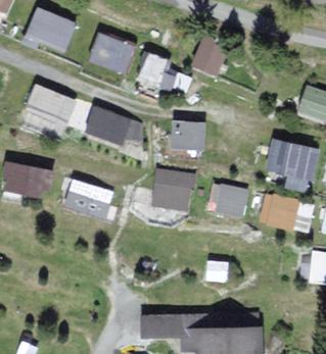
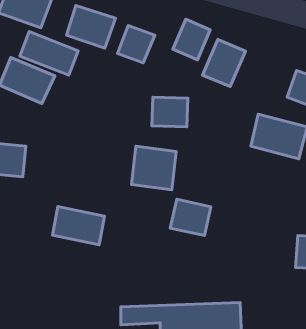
building: none -> [203,40,245,87]
building: [87,106,143,148] -> [20,32,78,75]
building: [64,181,114,217] -> [52,207,105,245]
building: [211,183,249,217] -> [170,199,211,236]
building: [259,192,300,231] -> none

